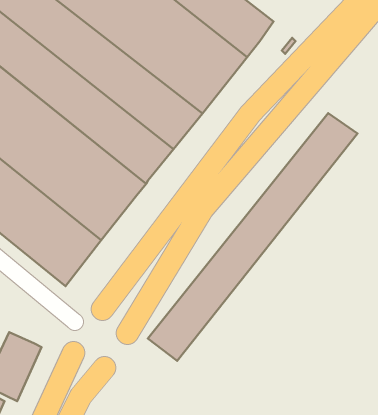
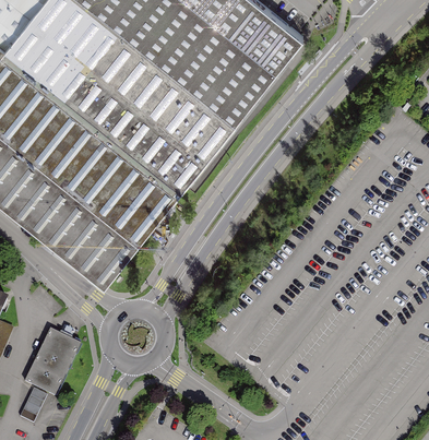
building: [148,113,357,361] -> none

